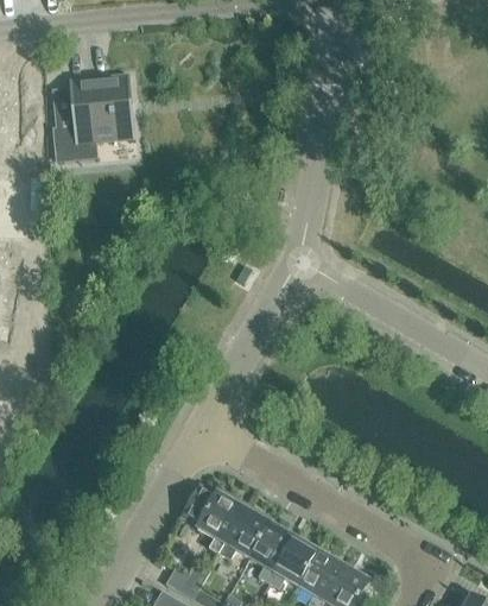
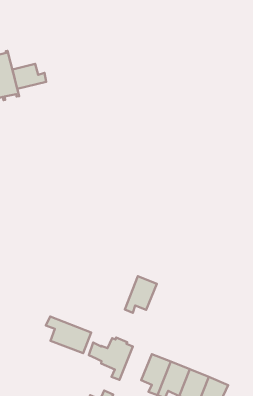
building: none -> [13,64,46,89]
building: none -> [46,316,91,353]
building: [217,509,267,558] -> [125,276,157,313]

